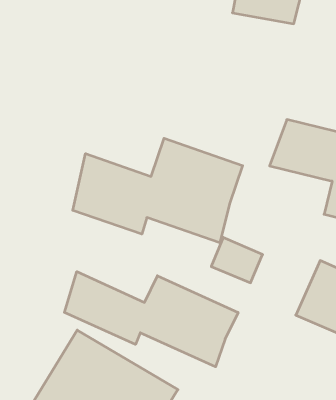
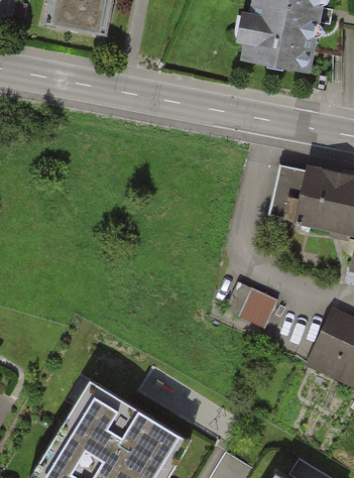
building: [73,138,243,243] -> none
building: [64,272,238,367] -> none

